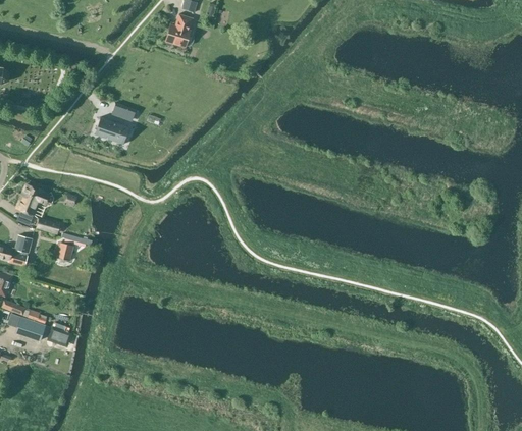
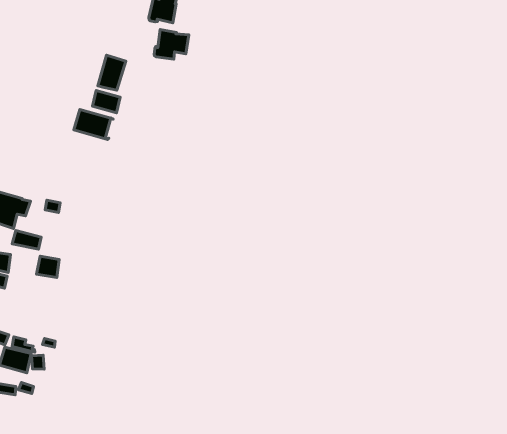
building: none -> [154,30,189,59]
building: none -> [98,55,126,90]

